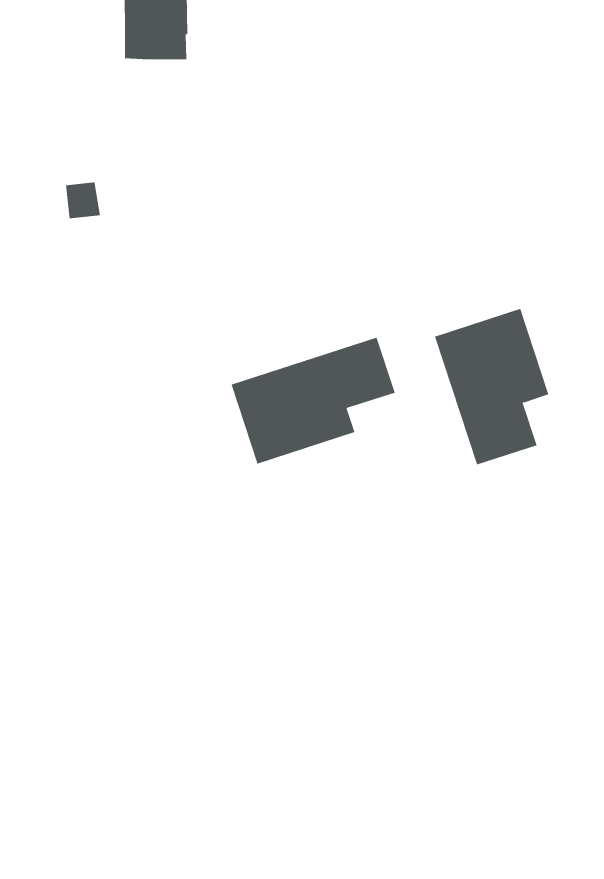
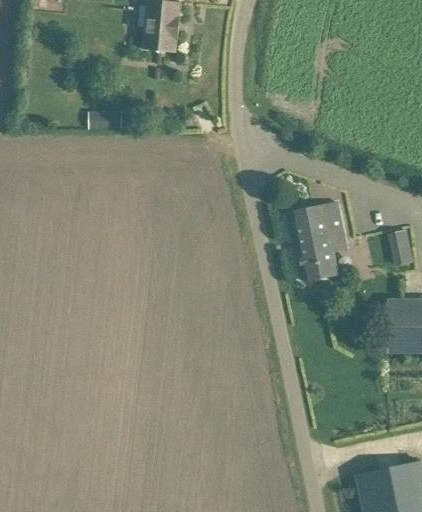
building: [231,337,395,465] -> none

